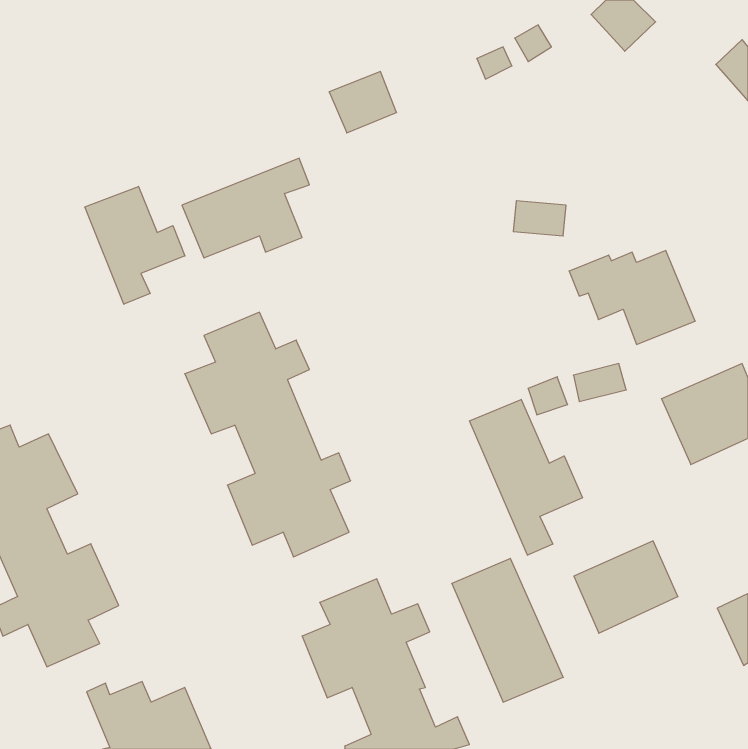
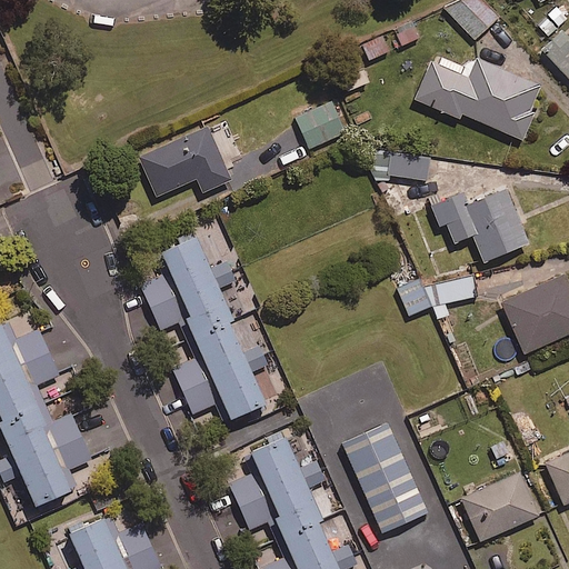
building: [329,71,397,133] -> [295,101,346,148]
building: none -> [415,58,540,140]
building: [85,186,185,304] -> none
building: [469,399,582,555] -> none
building: [574,541,678,633] -> [461,471,540,541]

